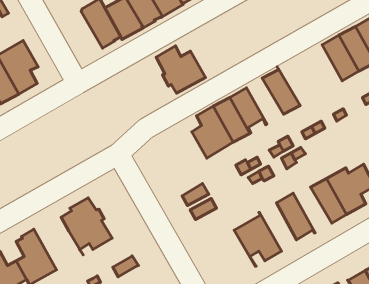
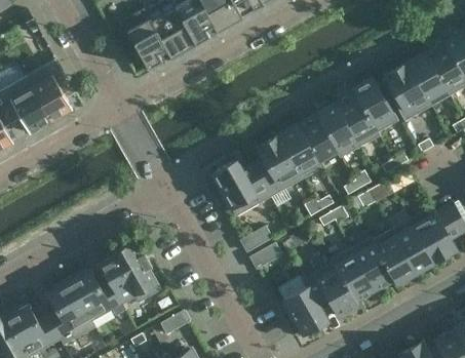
building: none -> [385,64,428,117]
building: [156,46,205,93] -> [212,159,270,214]
building: none -> [352,78,396,134]
building: none -> [316,103,359,156]
building: none -> [371,230,416,283]
building: none -> [332,248,375,305]
building: none -> [68,270,125,326]
building: none -> [283,280,326,335]

